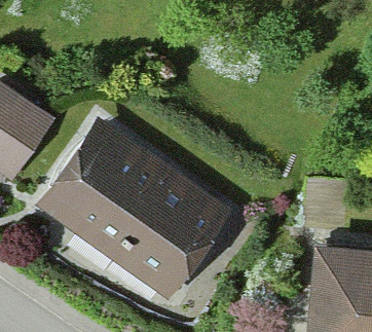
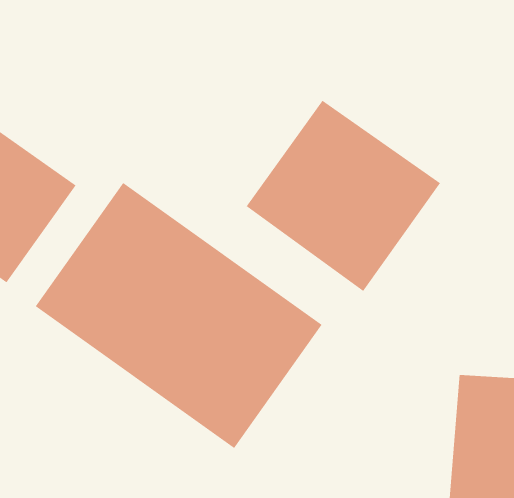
building: none -> [246,100,441,292]

